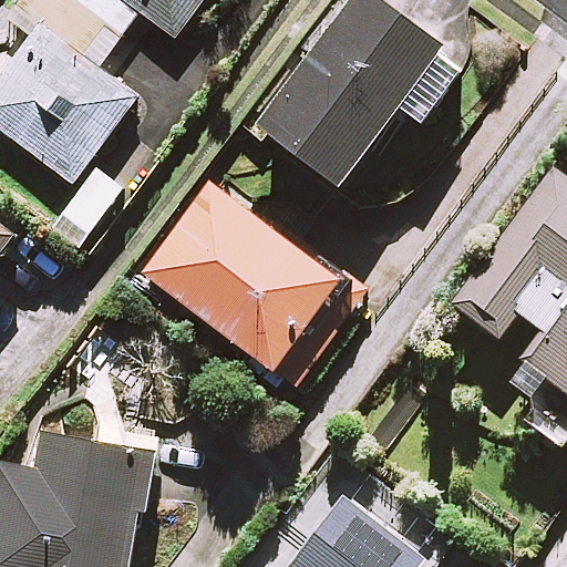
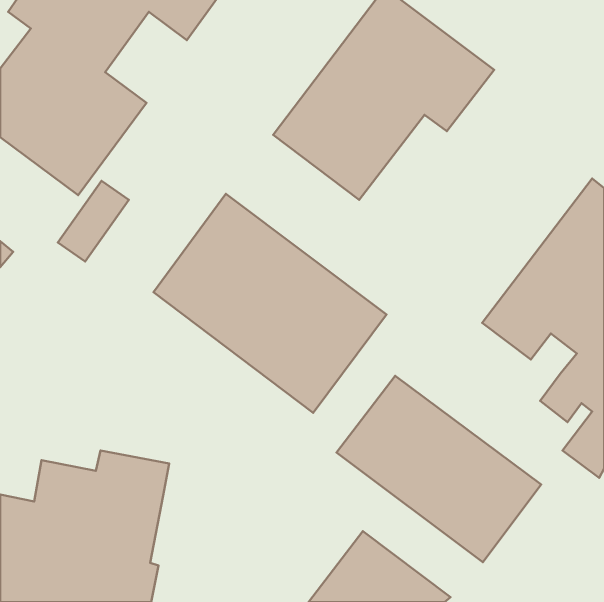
building: none -> [336,376,541,562]

